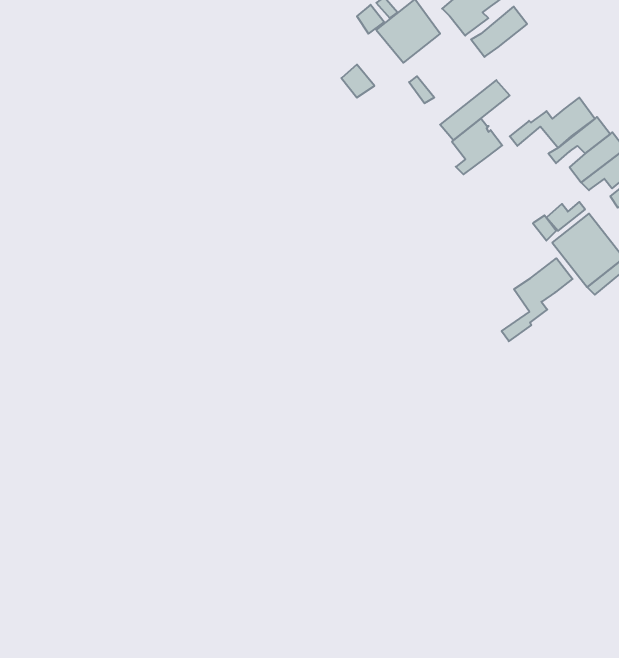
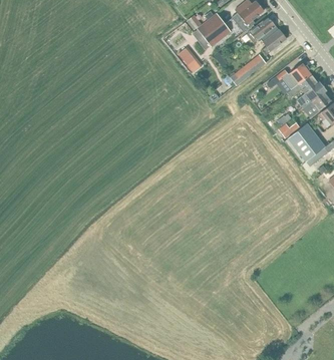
building: [452,118,502,174] -> [260,25,286,54]
building: [502,258,573,341] -> none

